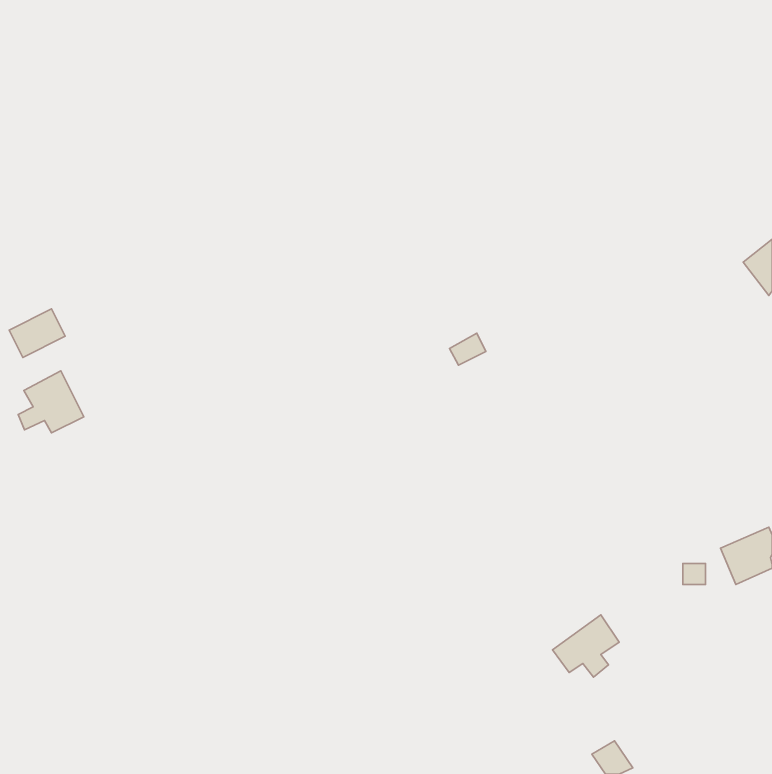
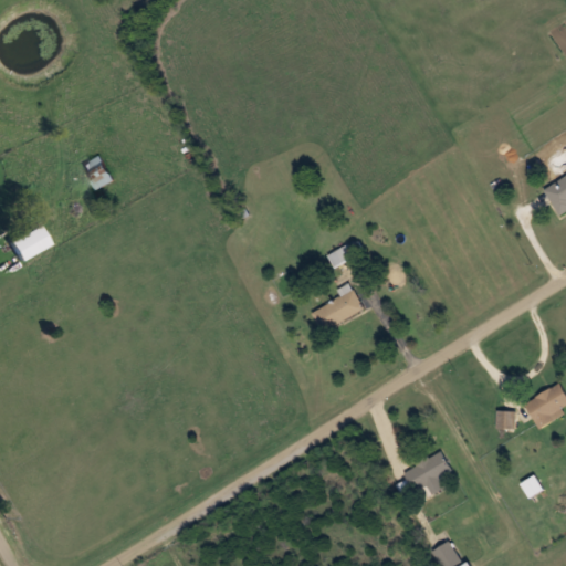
building: none -> [83,156,112,188]
building: [18,371,84,433] -> none
building: none -> [312,283,364,332]

